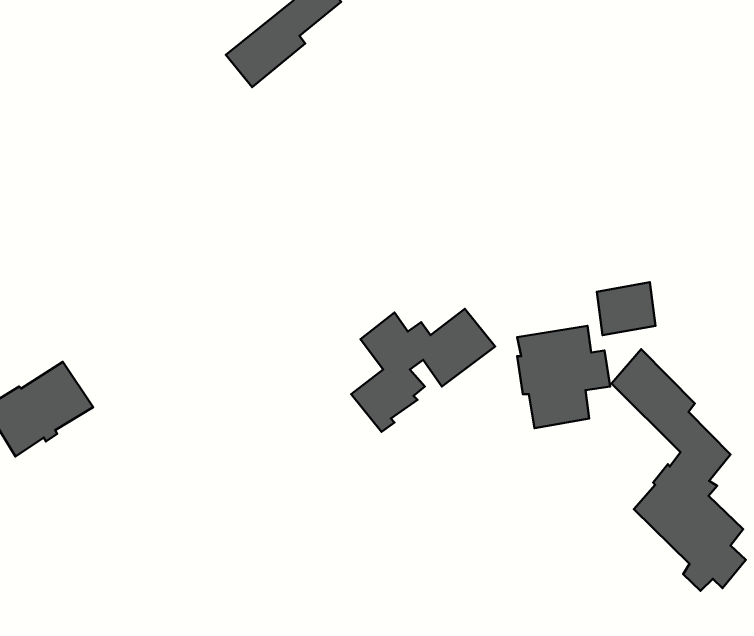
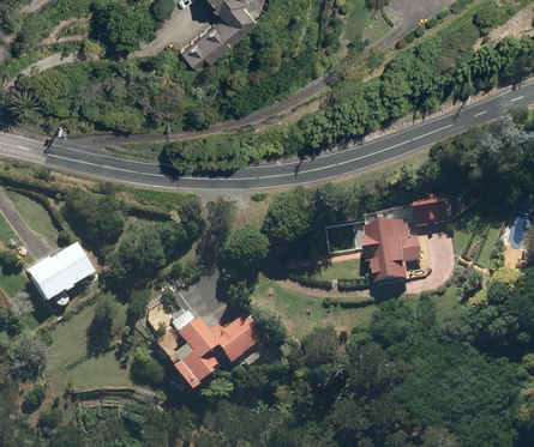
building: [351,309,495,432] -> [173,318,264,395]
building: [612,349,746,591] -> none

